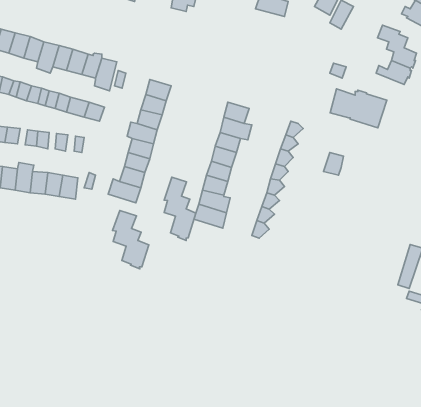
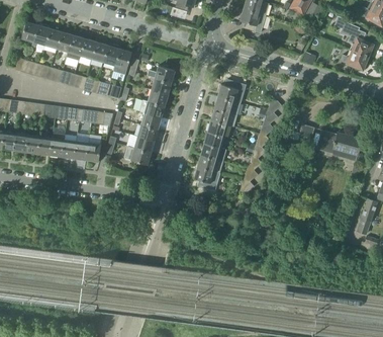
building: none -> [240,9,266,32]
building: [330,89,387,128] -> [316,130,362,161]
building: [164,177,196,240] -> none
building: [113,211,149,269] -> none

